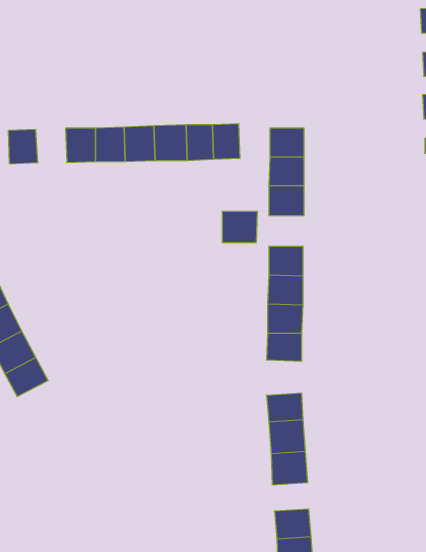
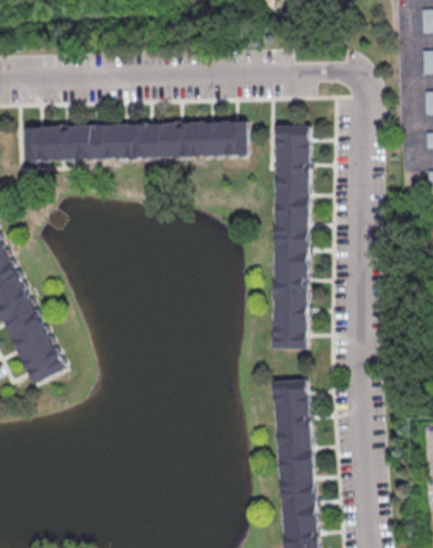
building: none -> [52,124,81,157]
building: [222,211,258,242] -> [275,208,309,238]
building: none -> [278,464,313,492]

